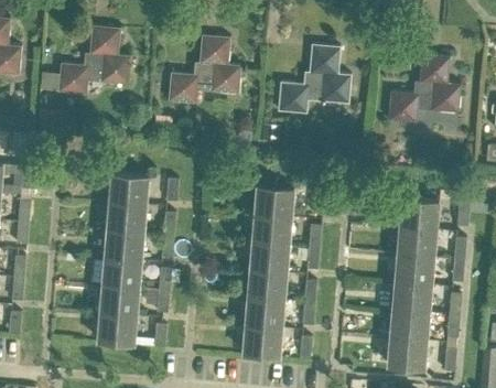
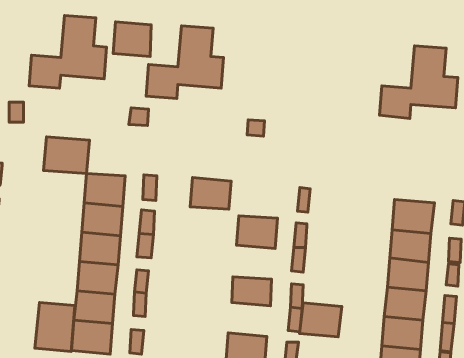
building: none -> [113,22,151,57]
building: [278,45,349,114] -> none
building: none -> [44,137,89,174]
building: [255,187,293,217] -> [190,178,231,209]
building: [249,242,289,274] -> none
building: none -> [35,302,75,352]
building: [245,297,284,328] -> [300,303,342,337]

